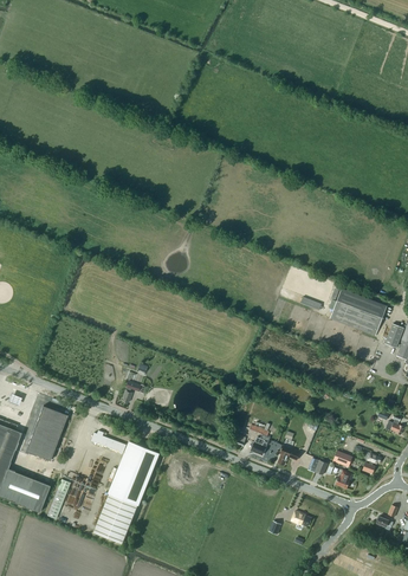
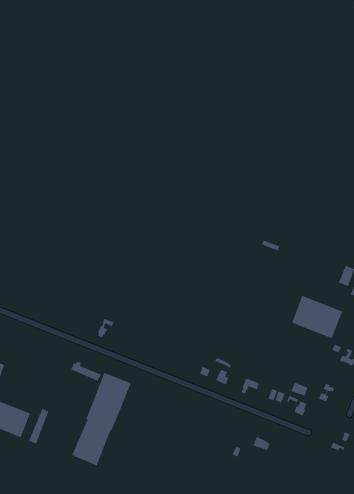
building: [329,287,386,336] -> [291,295,343,339]
building: [25,407,66,461] -> none

